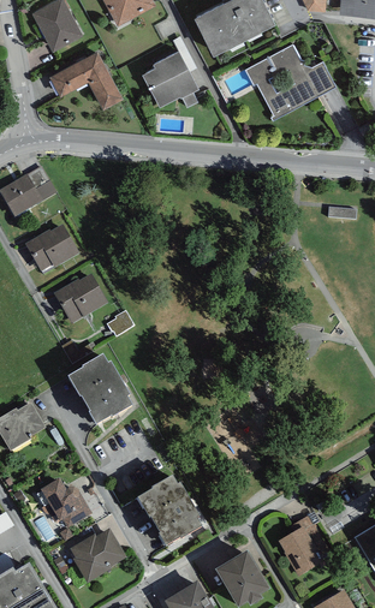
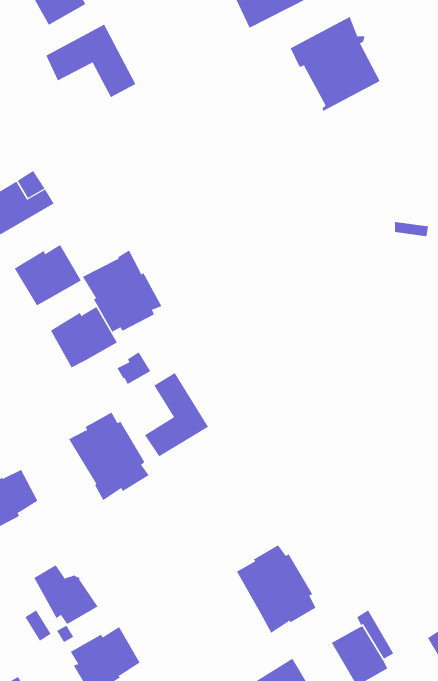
building: [142,48,198,105] -> none
building: [302,59,335,94] -> none
building: none -> [82,250,162,333]
building: none -> [144,372,209,457]
building: [138,478,202,549] -> [236,544,316,634]

